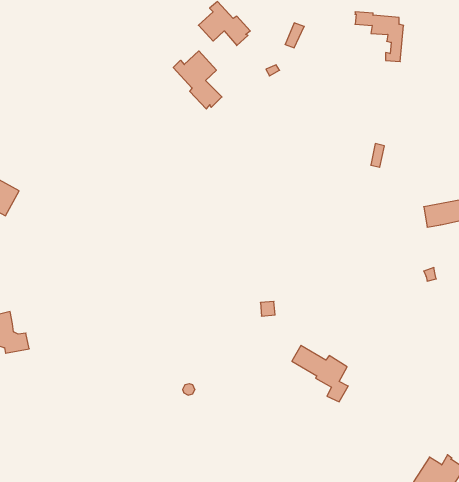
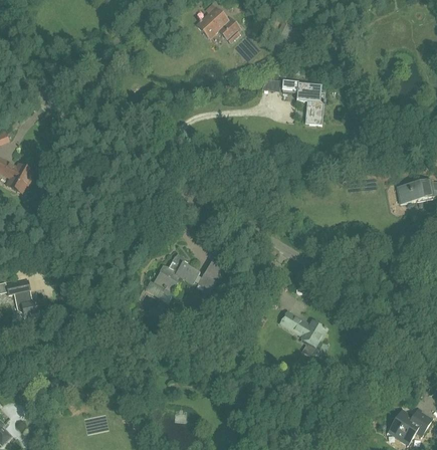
building: [355,12,404,62] -> [281,80,324,125]
building: [173,51,222,109] -> none
building: none -> [152,253,222,293]

